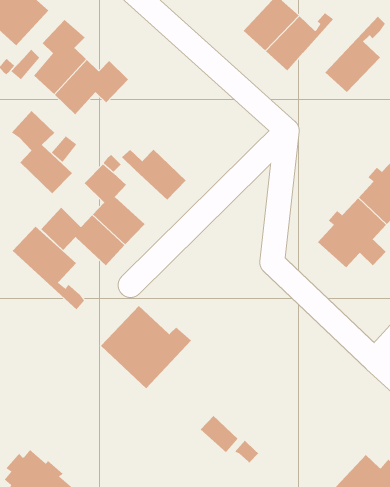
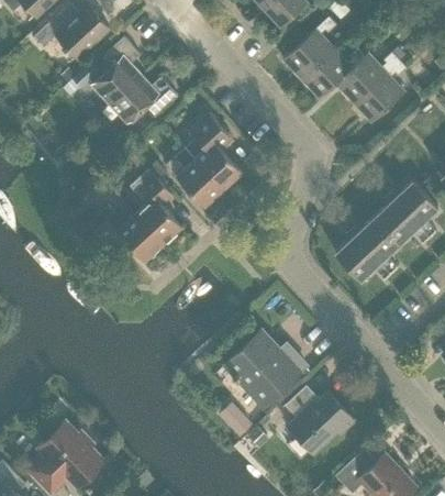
building: none -> [336,49,405,103]
building: [11,110,73,194] -> [190,114,243,191]
building: [12,226,85,310] -> none
building: [100,305,192,389] -> [225,332,308,408]
building: none -> [286,387,355,455]

